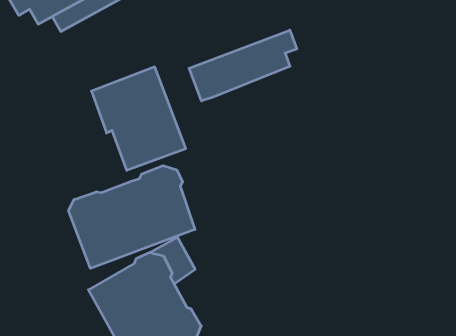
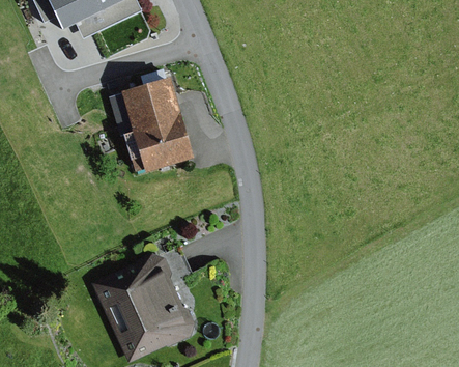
building: [189,30,297,101] -> none
building: [69,166,195,268] -> none

